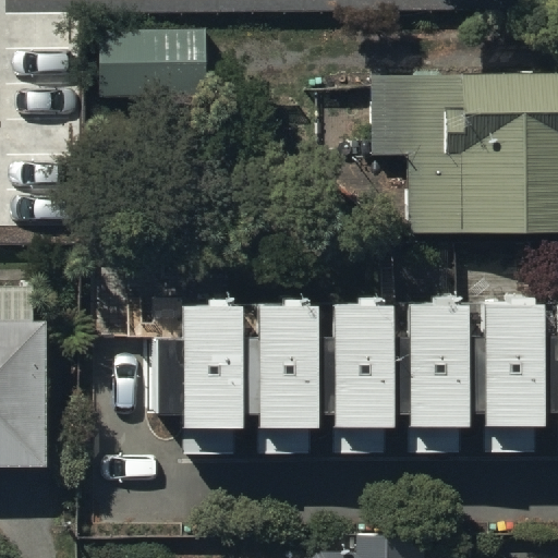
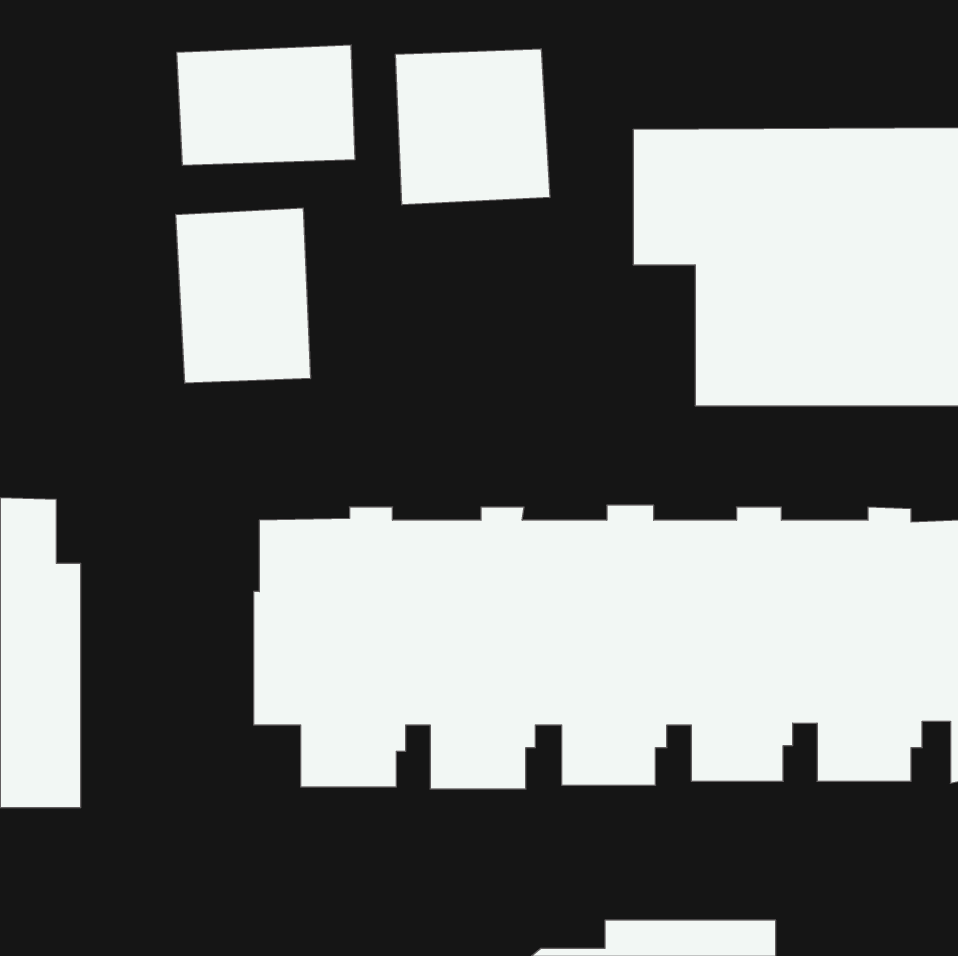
building: none -> [395,49,550,205]
building: none -> [176,208,310,383]

